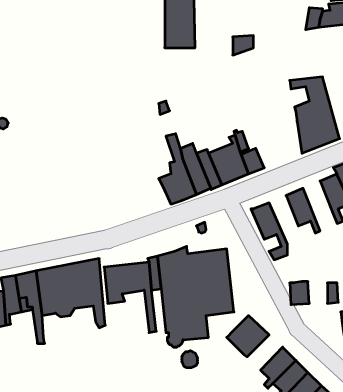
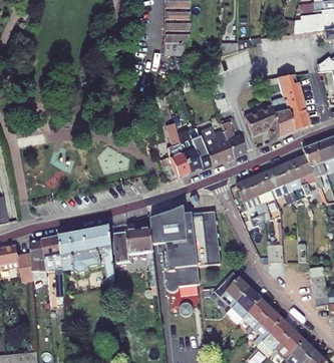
building: none -> [243,103,277,140]
building: none -> [278,160,302,202]
building: none -> [250,172,274,222]
building: none -> [227,288,261,322]

